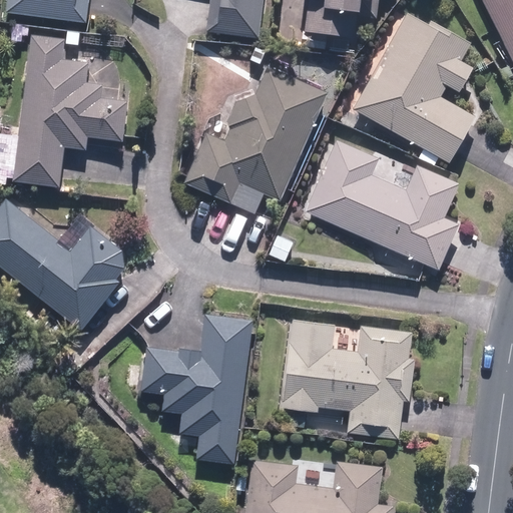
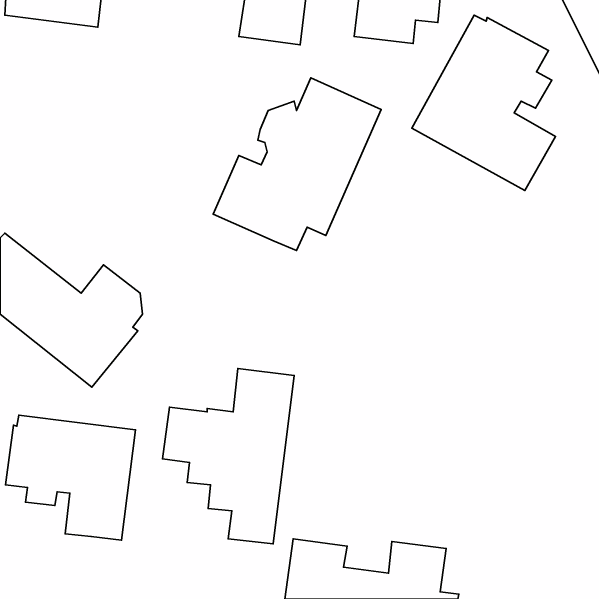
building: [13,34,127,187] -> none
building: [305,139,458,270] -> none
building: [281,320,414,438] -> none
building: none -> [5,415,135,540]

